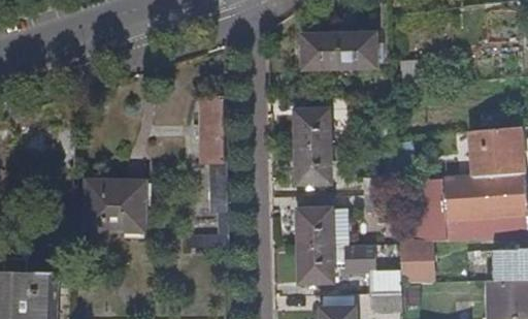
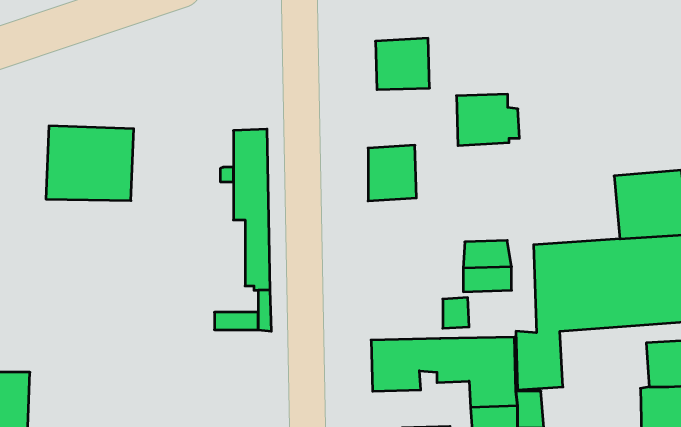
building: [338,33,383,69] -> [456,94,519,146]
building: [296,147,330,185] -> none
building: [85,180,146,232] -> [46,126,134,201]
building: [297,210,346,247] -> none

